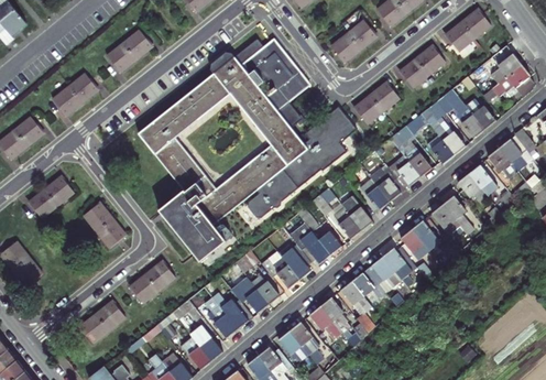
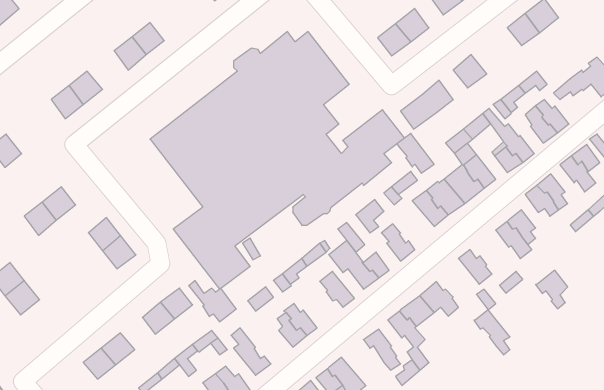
building: [491,45,520,83] -> none
building: [412,50,441,78] -> none
building: [13,117,43,146] -> none
building: [342,195,374,229] -> [397,133,434,173]
building: [411,217,438,250] -> [536,270,568,309]
building: [382,248,413,286] -> [474,310,510,355]
building: [264,254,302,290] -> none
building: [214,292,254,327] -> [189,281,236,322]
building: [309,306,342,340] -> none

